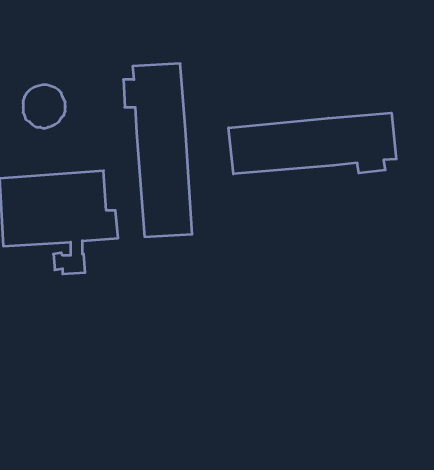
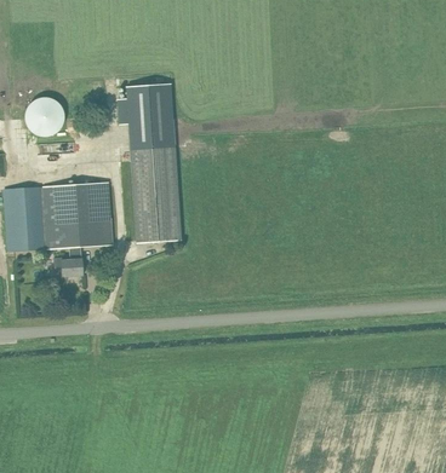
building: [229,113,396,174] -> none

